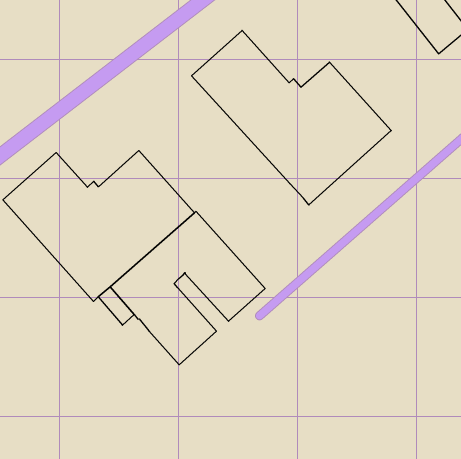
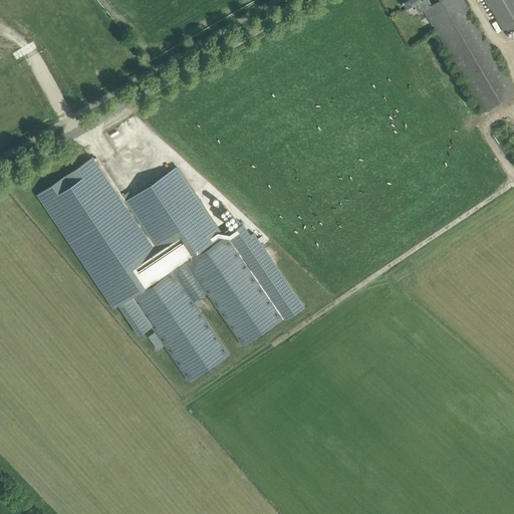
building: [192,30,391,205] -> none
building: none -> [226,224,303,319]

